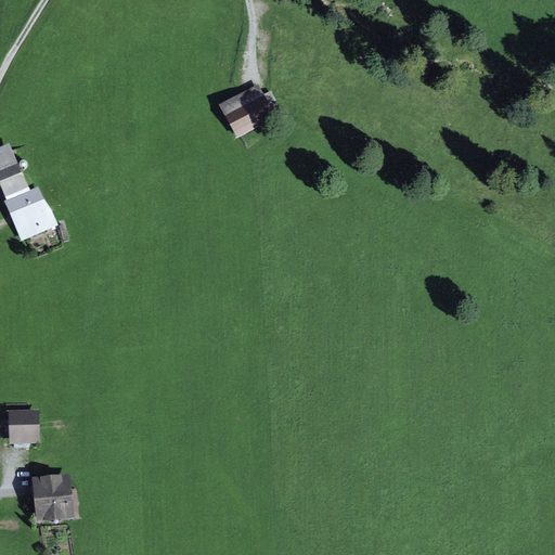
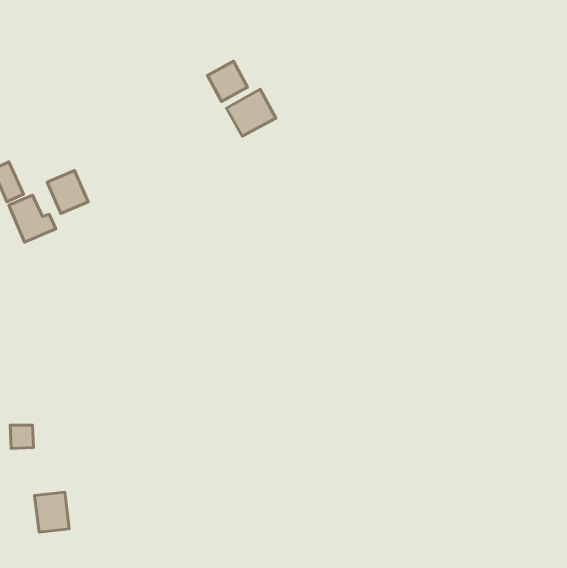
building: none -> [208,61,248,101]
building: none -> [47,170,88,213]

